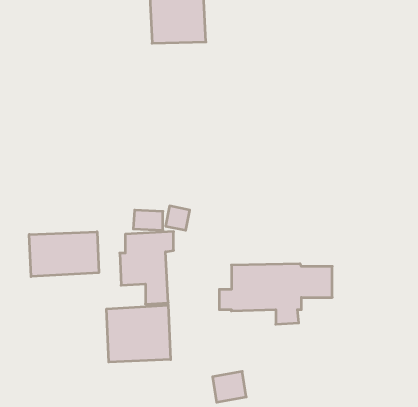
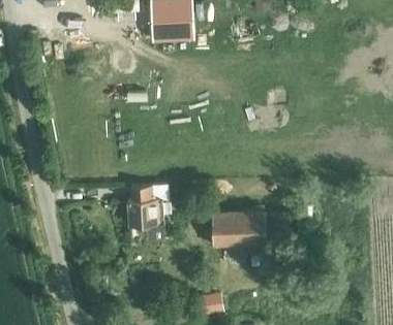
building: [29,232,99,277] -> none
building: [107,305,171,362] -> none

